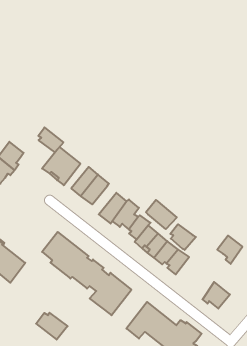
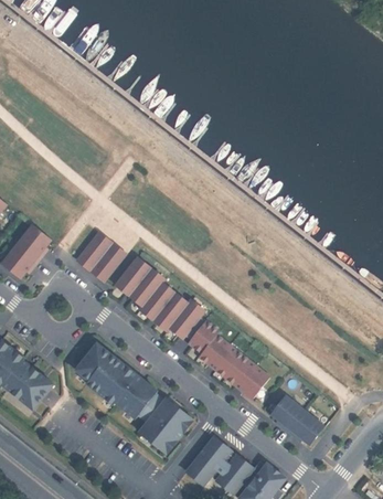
building: [38,127,63,152] -> none
building: none -> [138,283,173,320]
building: [146,200,177,229] -> none
building: [170,224,196,250] -> none
building: [217,236,242,264] -> [269,395,302,433]
building: [36,313,68,340] -> none

